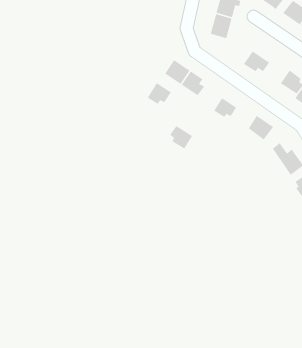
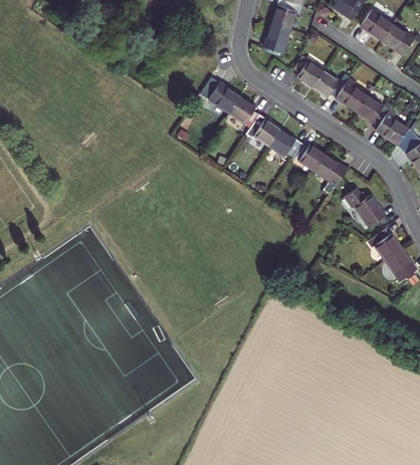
building: none -> [293,57,322,88]
building: none -> [335,78,368,112]
building: [147,82,172,105] -> none
building: none -> [294,142,327,169]
building: [169,125,193,149] -> [253,117,283,147]

